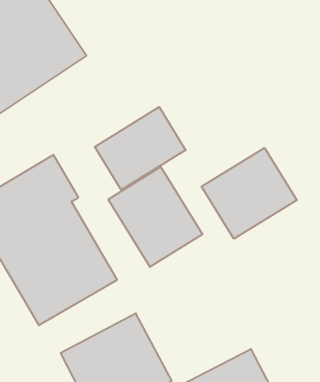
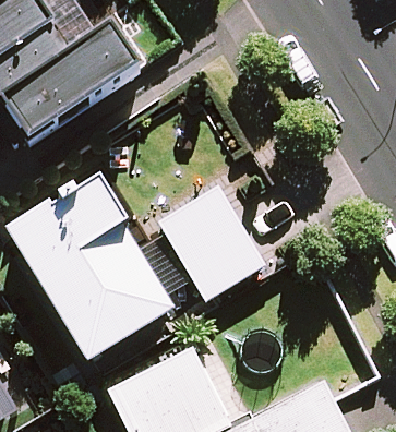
building: [95,107,186,190] -> none
building: [202,148,297,239] -> none

